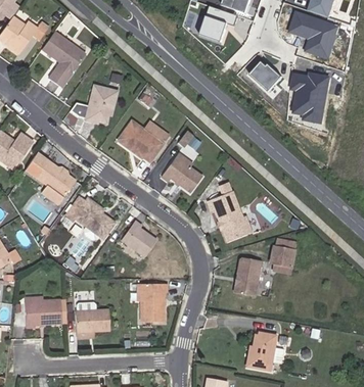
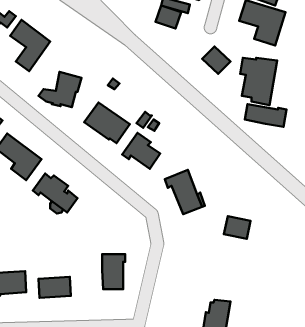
building: none -> [245,104,286,127]
building: [121,221,156,256] -> none
building: [236,257,264,294] -> none

